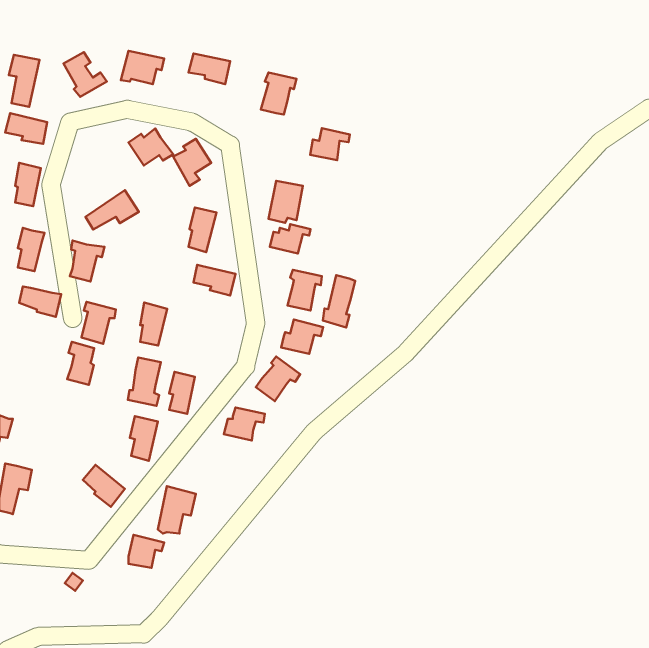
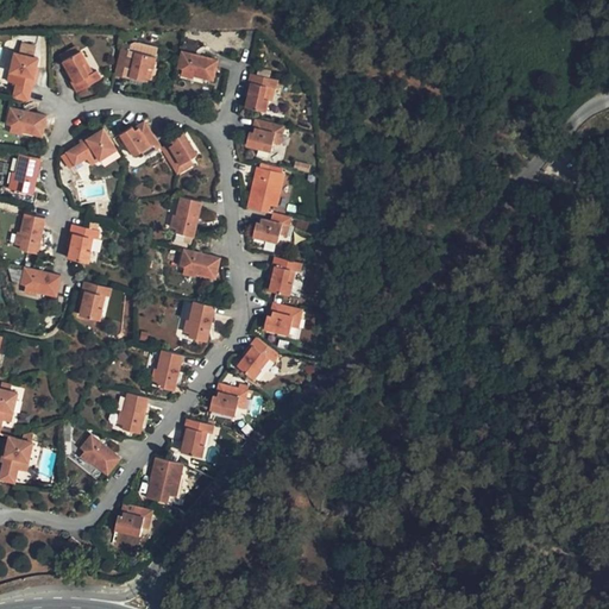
building: [310,128,350,160] -> [246,118,283,147]
building: [85,190,139,230] -> [67,130,117,167]
building: [323,275,355,327] -> none
building: [140,302,167,346] -> [190,301,215,341]
building: [67,342,94,385] -> none
building: [128,357,161,406] -> none
building: none -> [181,417,213,456]

